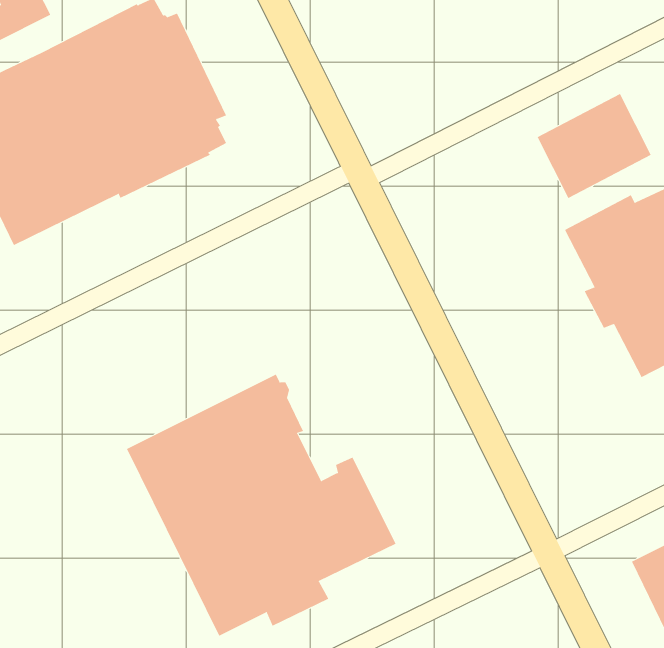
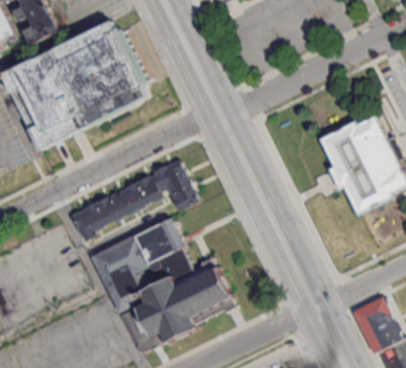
building: [537,93,652,199] -> none
building: none -> [72,158,200,241]

